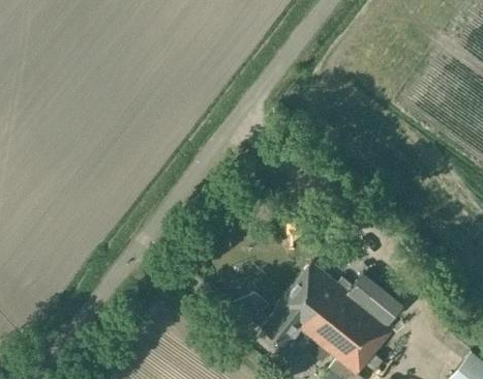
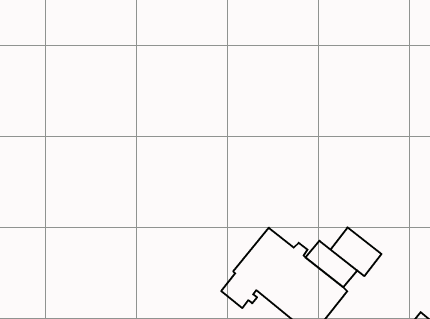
building: none -> [331,227,381,276]

